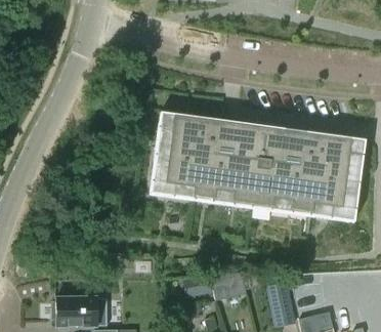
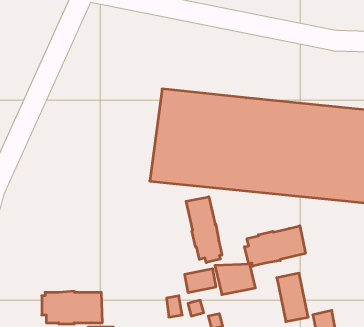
building: none -> [186,197,222,263]
building: none -> [244,226,305,266]

